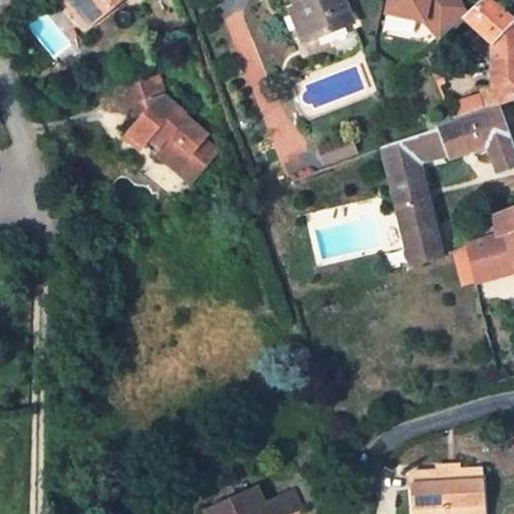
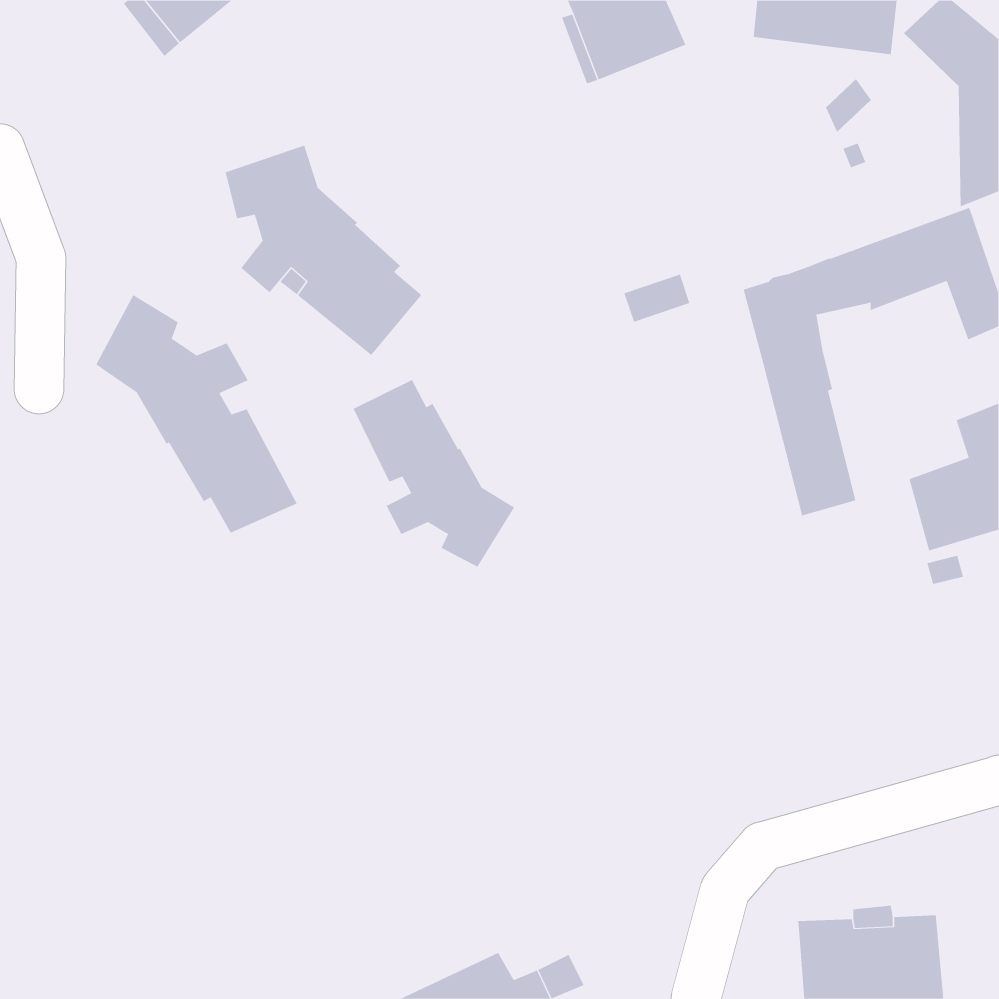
building: none -> [95,294,298,534]
building: none -> [353,379,515,568]

